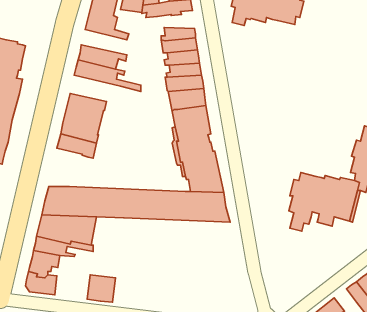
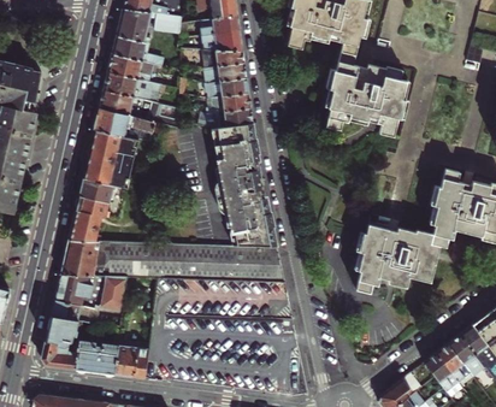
building: none -> [197,30,242,52]
building: none -> [107,53,178,85]
building: none -> [324,59,411,135]
building: none -> [94,107,154,142]
building: none -> [69,194,122,240]
building: none -> [76,340,118,373]

